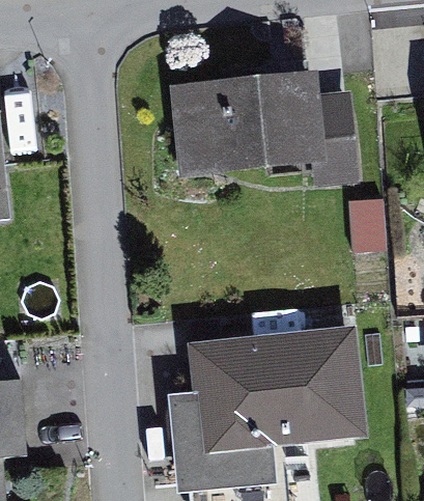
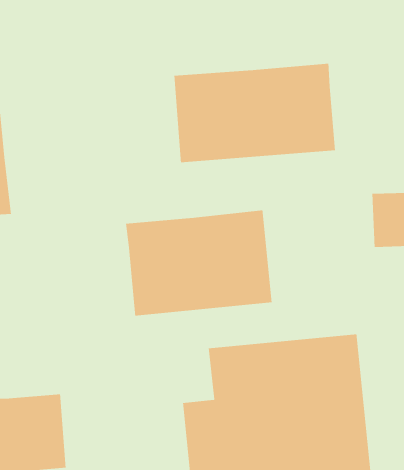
building: [311,92,360,177] -> none
building: none -> [125,210,273,316]

